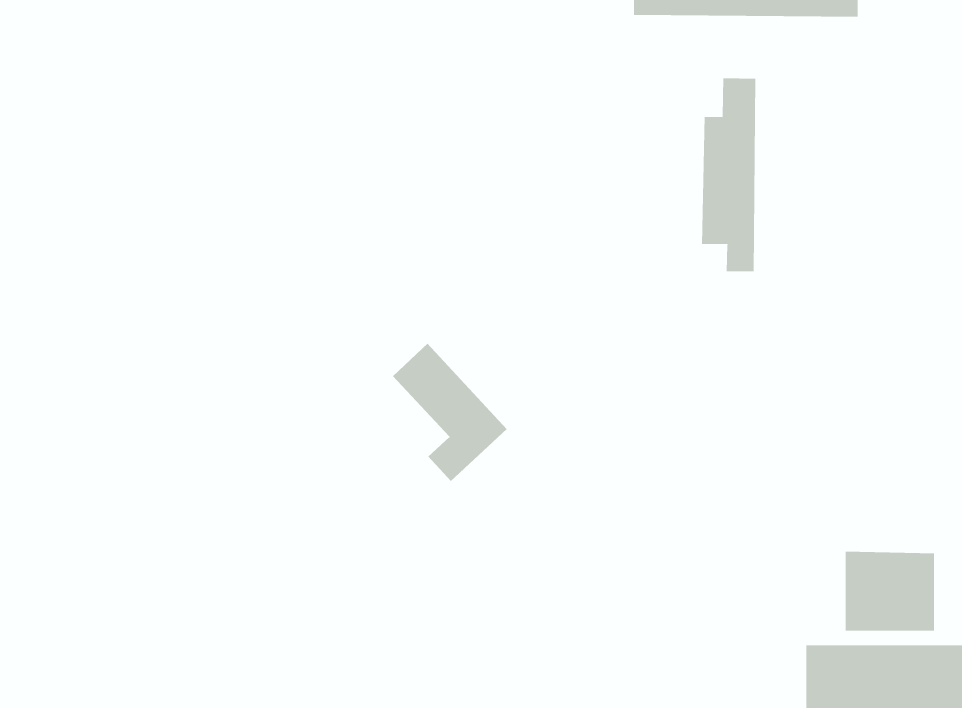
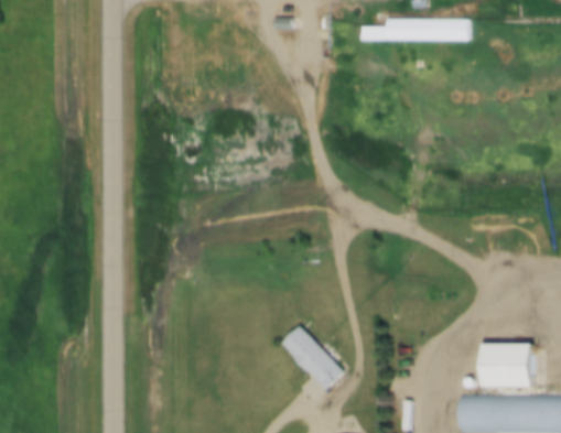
building: [702,78,756,272] -> none
building: [392,343,508,482] -> [280,325,345,403]

